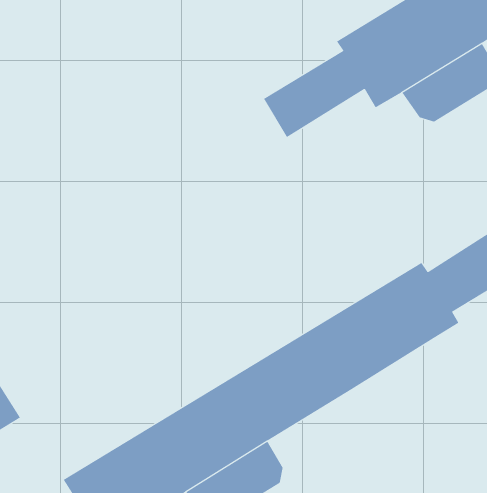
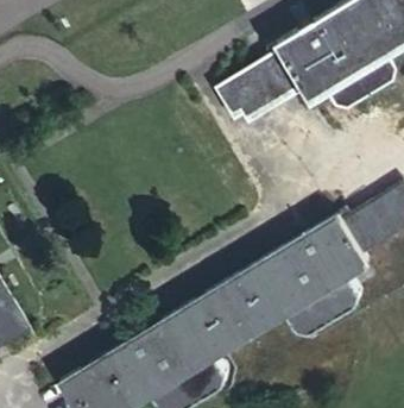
building: none -> [286,274,361,335]

